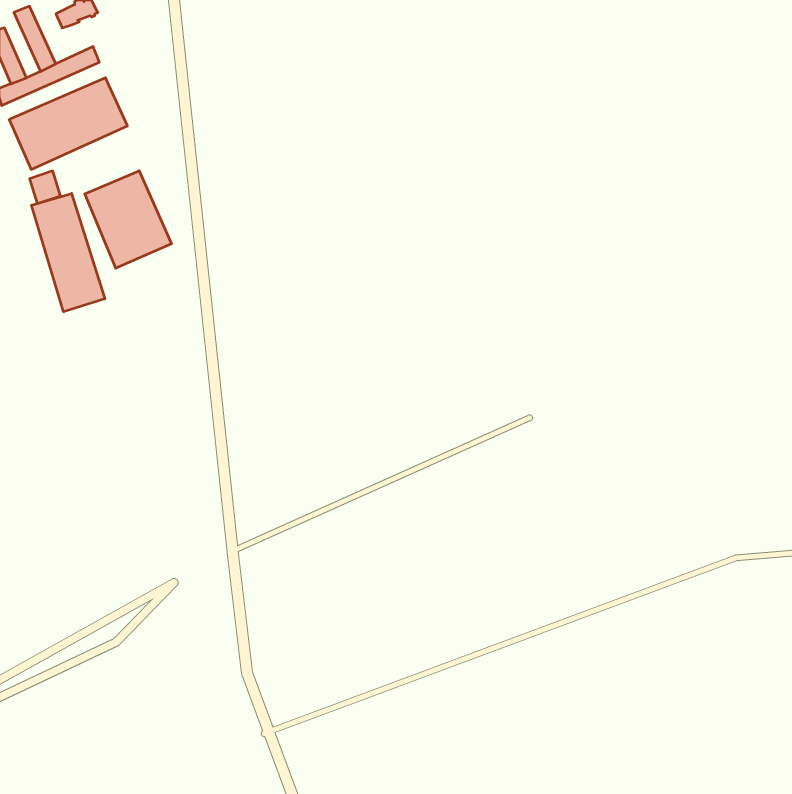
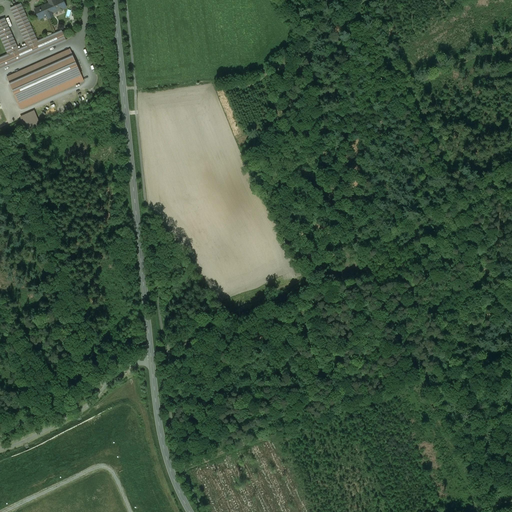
building: [85,171,171,268] -> none
building: [31,193,105,312] -> none

